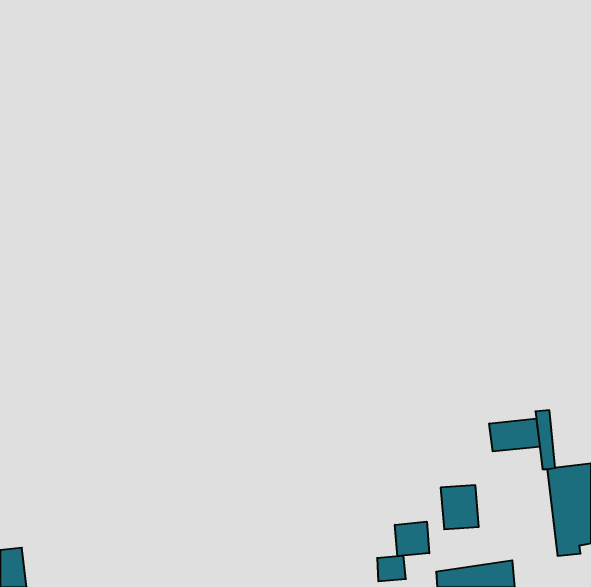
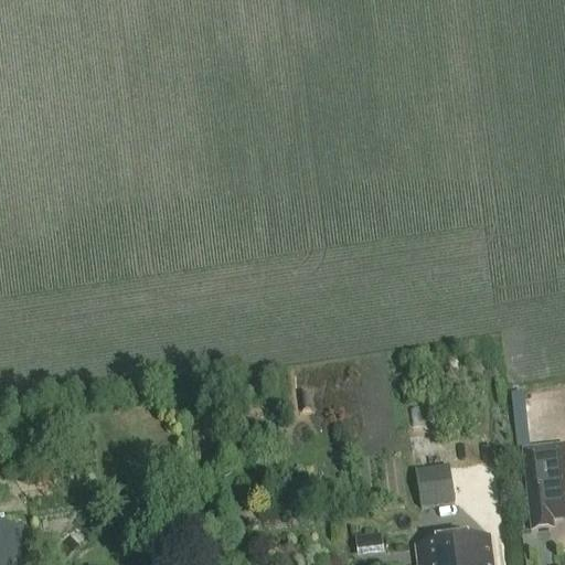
building: [489,419,540,451] -> none
building: [395,522,429,556] -> none

